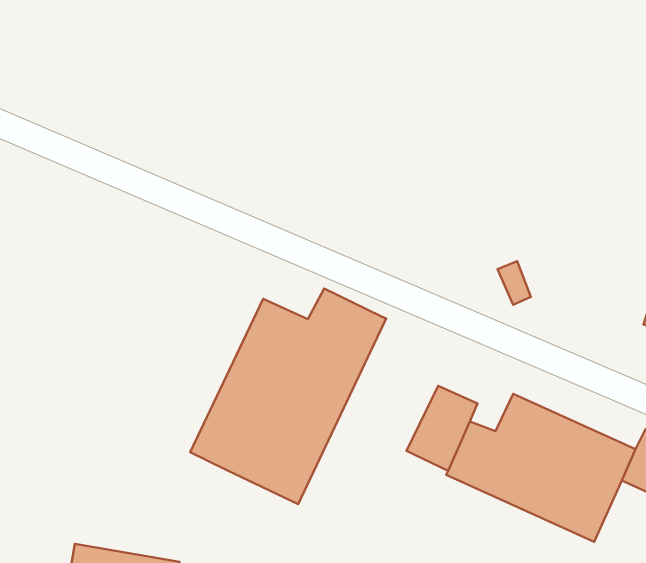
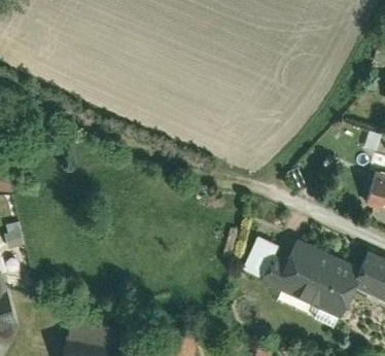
building: [190,289,386,504] -> none

